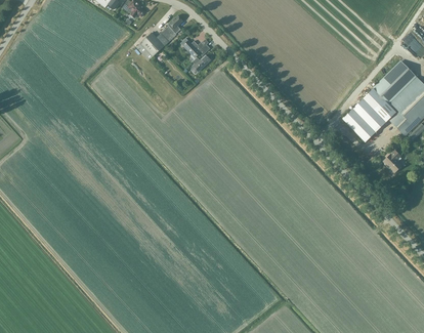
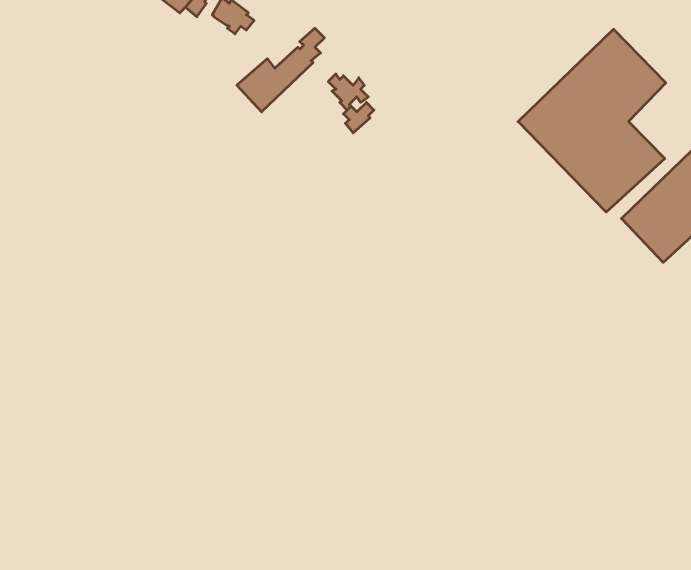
building: none -> [518,29,666,212]

